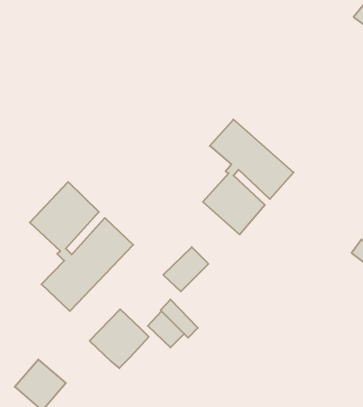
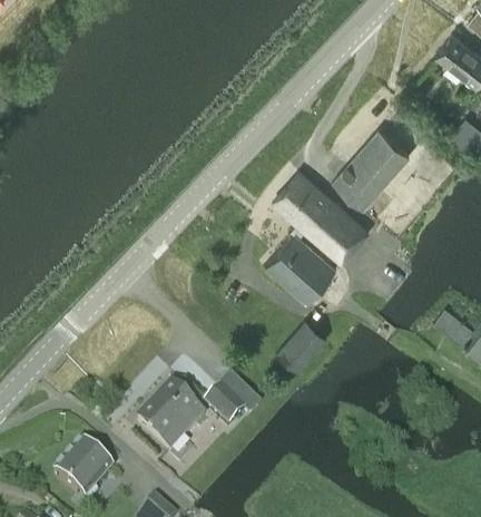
building: none -> [332,127,409,207]
building: [30,182,133,311] -> none
building: [163,247,208,291] -> [277,320,328,370]

